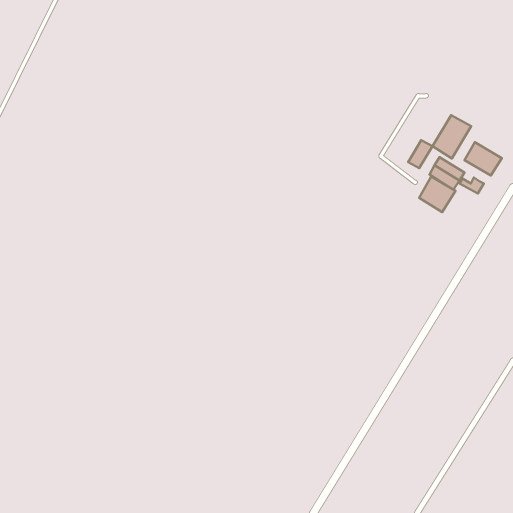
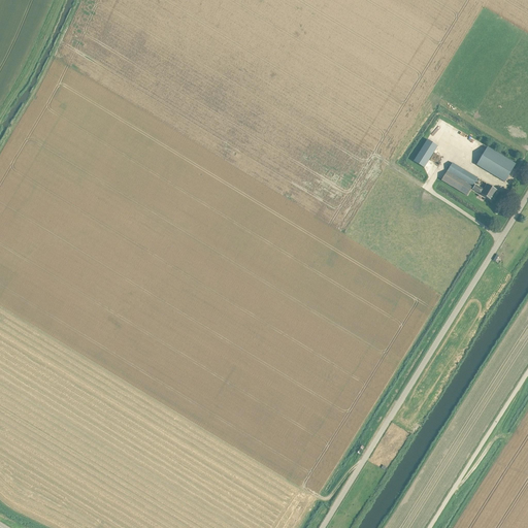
building: [432,115,471,159] -> none
building: [419,176,456,212] -> none

